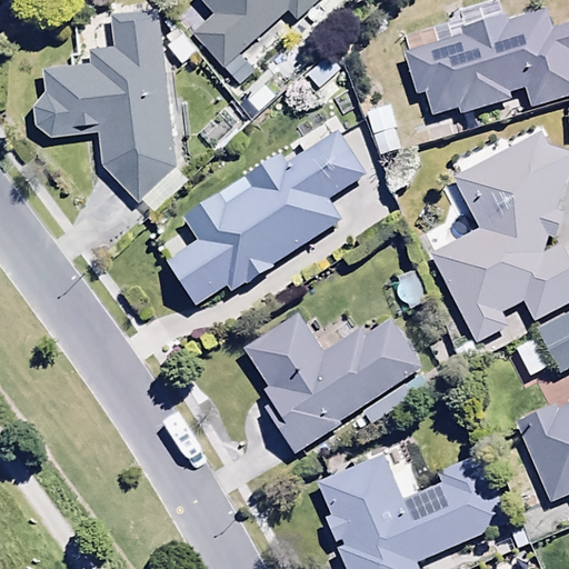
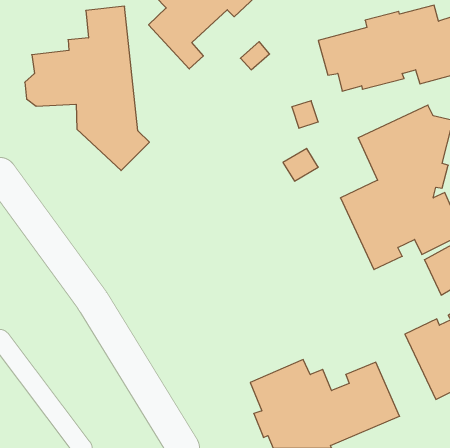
building: [169,131,366,302] -> none
building: [244,310,422,451] -> none

